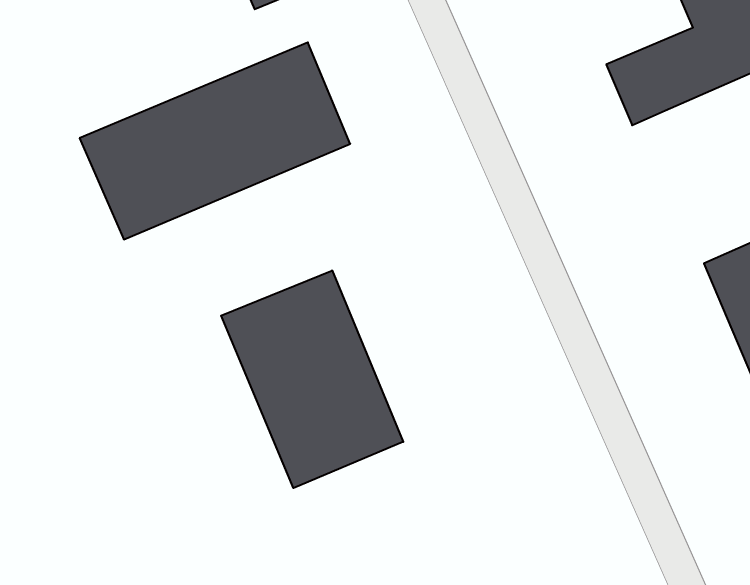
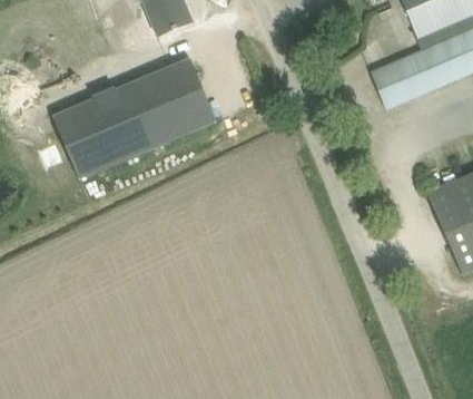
building: [221,270,403,488] -> none

